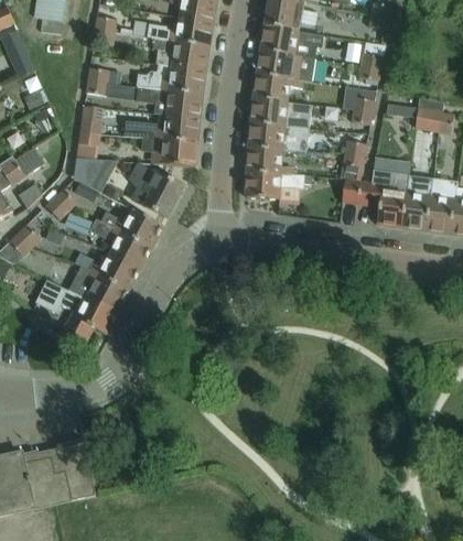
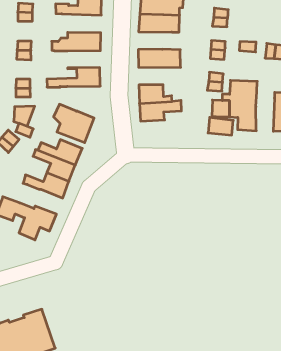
building: [153,37,208,69] -> none
building: [254,74,302,101] -> none
building: [138,87,202,117] -> none
building: [249,122,309,150] -> none
building: [141,137,196,166] -> none
building: [402,174,433,230] -> none
building: [68,266,128,311] -> none

